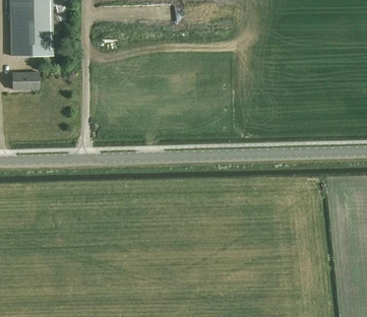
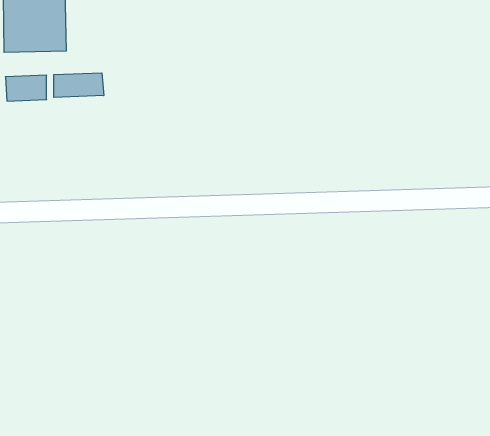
building: none -> [54,73,104,97]

